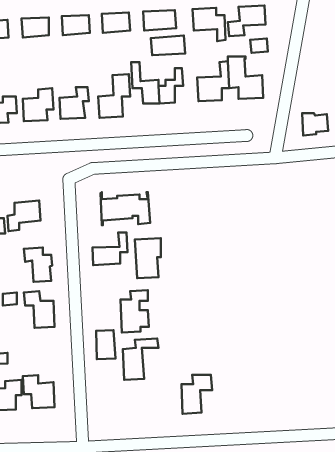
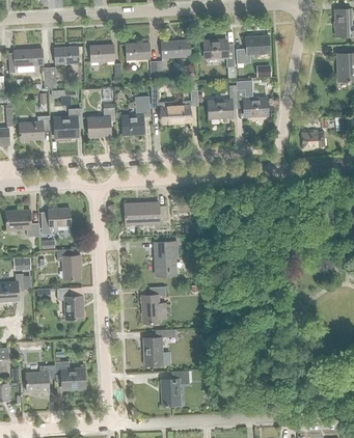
building: [151,36,185,55] -> none
building: [93,232,127,265] -> none
building: [96,330,115,359] -> none
building: [181,375,212,414] -> [161,372,188,406]

